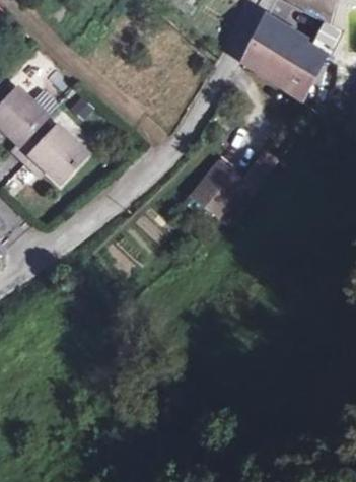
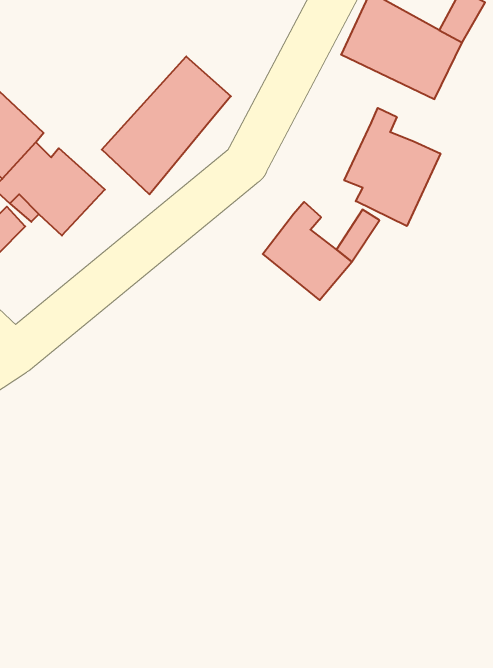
building: none -> [102,56,231,194]
building: none -> [344,108,440,226]

